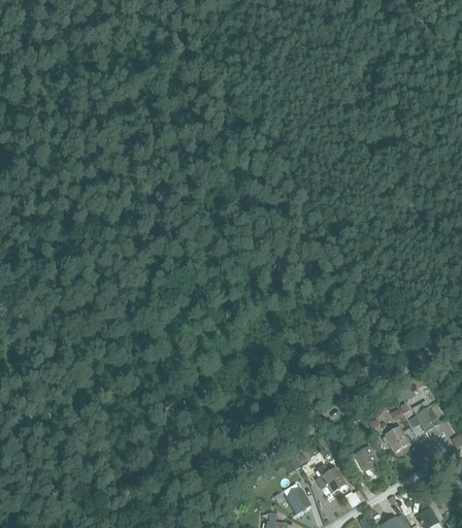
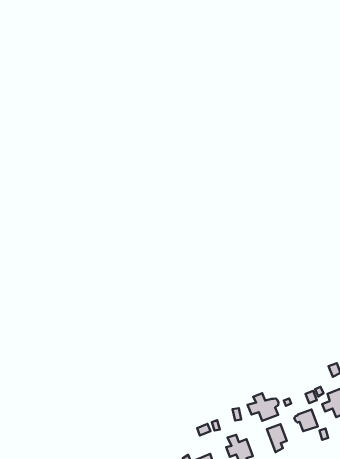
building: none -> [248,393,279,421]

